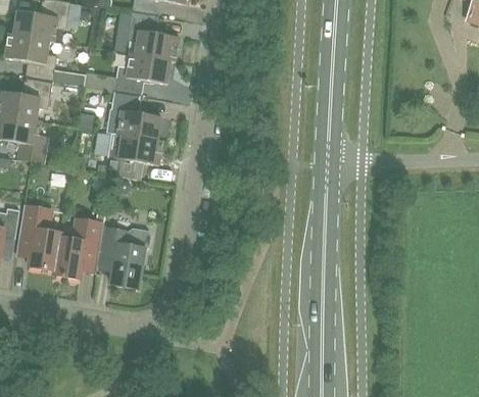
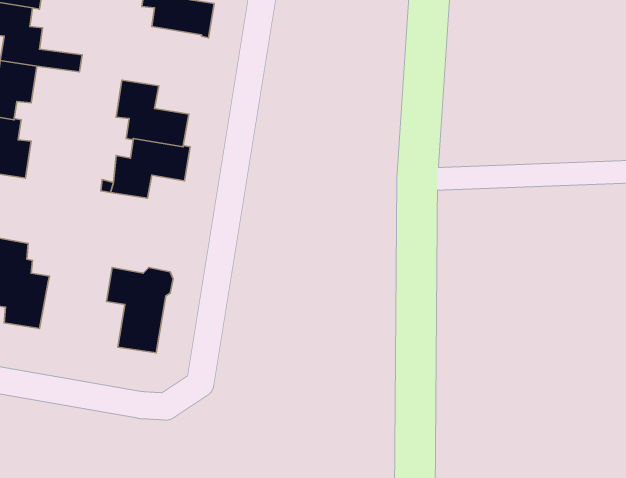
building: [113,52,171,96] -> none
building: [53,218,103,279] -> none

